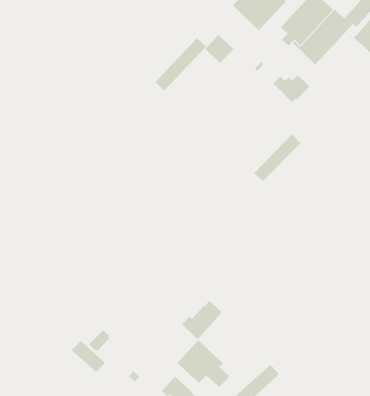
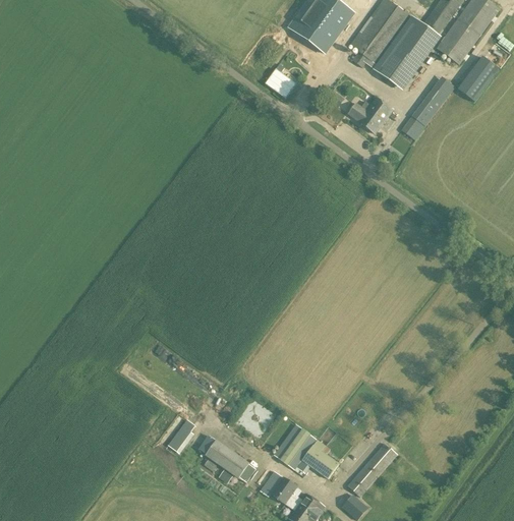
building: [154,38,207,91] -> none
building: [254,133,301,182] -> [403,78,455,139]
building: [181,300,222,340] -> none
building: [71,340,106,373] -> [206,440,248,476]

